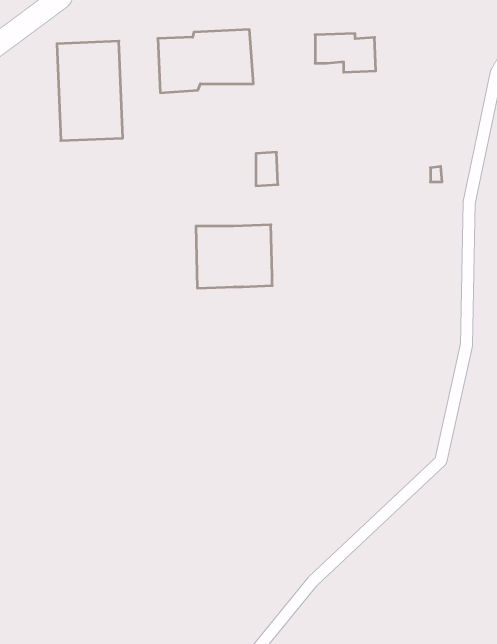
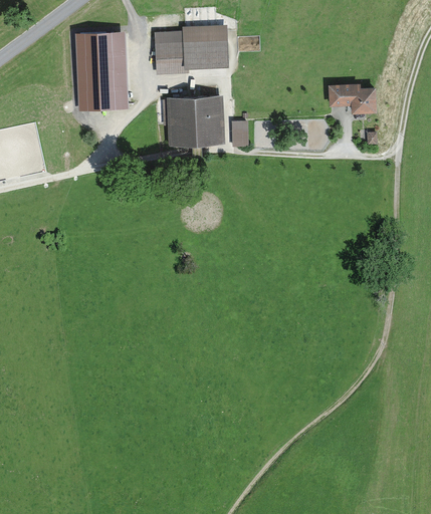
building: [315,34,376,72] -> [329,83,376,113]
building: [196,225,272,288] -> [166,96,225,146]

